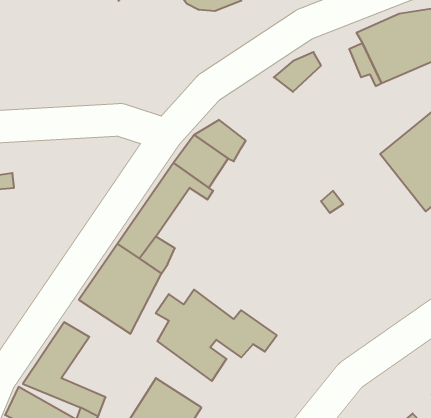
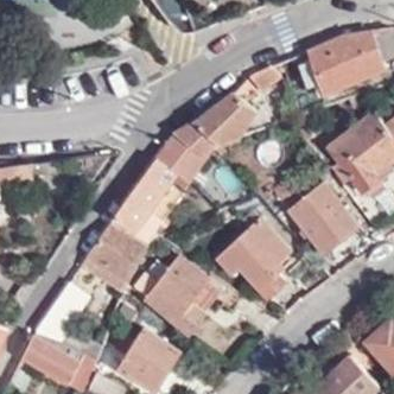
building: none -> [195,94,255,145]
building: none -> [287,186,356,255]
building: none -> [216,214,288,297]

